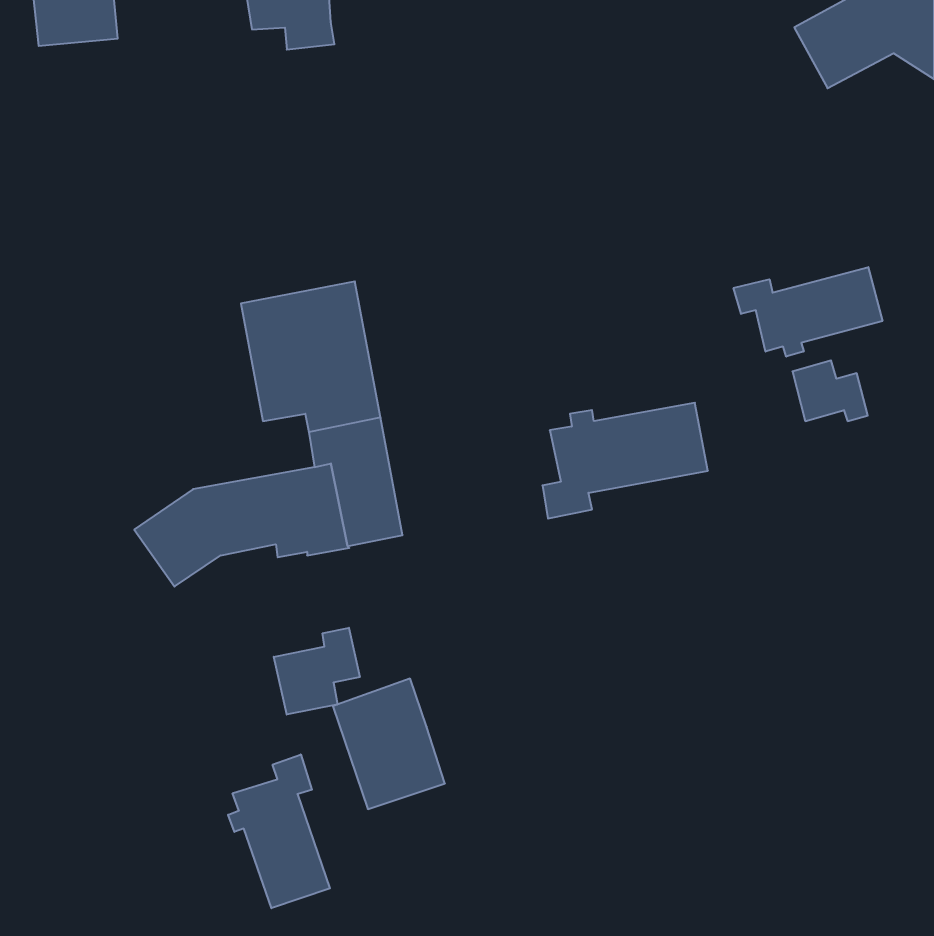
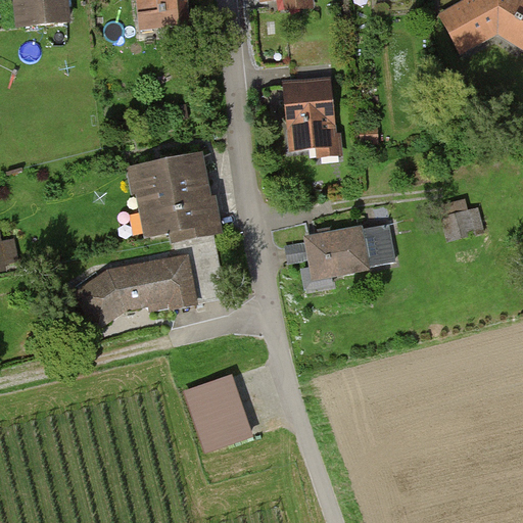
building: none -> [284,81,332,148]
building: [734,267,882,357] -> none
building: [274,628,360,715] -> none
building: [228,754,330,908] -> none

